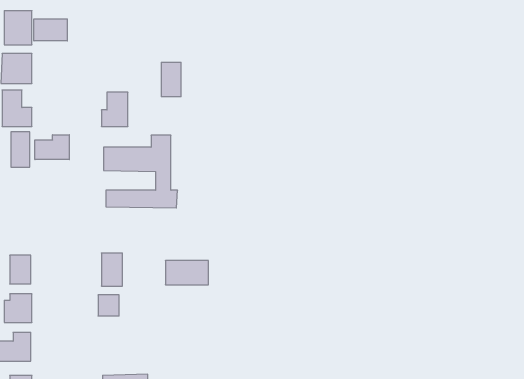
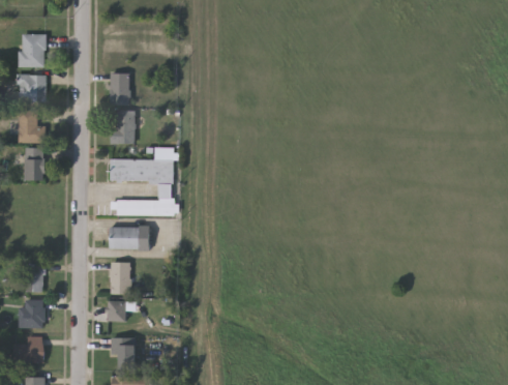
building: [34,19,67,41] -> none
building: [161,62,181,97] -> [110,72,128,105]
building: [35,135,69,160] -> none
building: [165,261,208,285] -> [109,226,149,248]
building: none -> [110,337,136,369]

